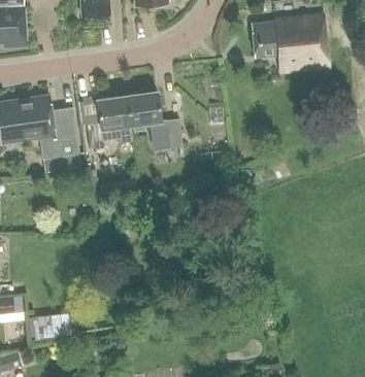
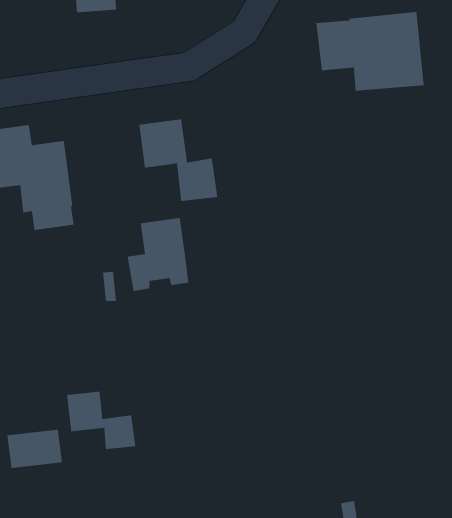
building: [87,96,131,148] -> [127,217,189,291]
building: none -> [67,391,136,450]

